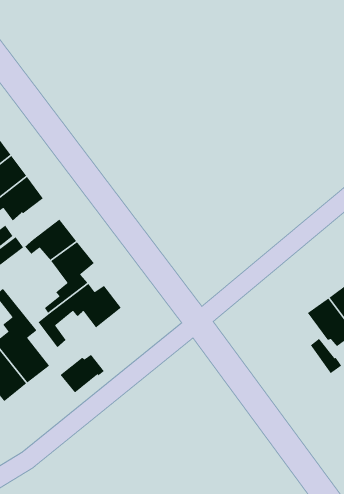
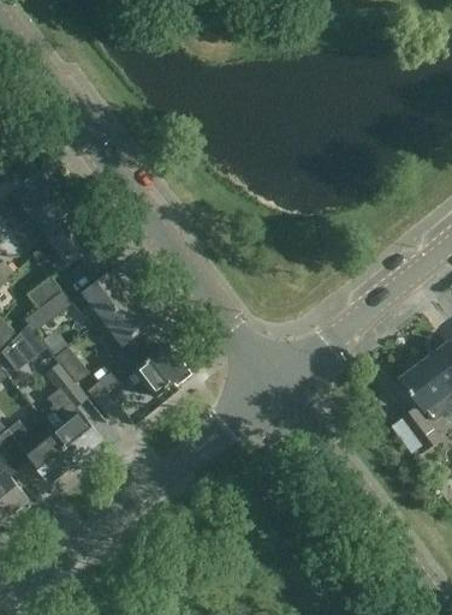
building: [60,354,105,393] -> none

